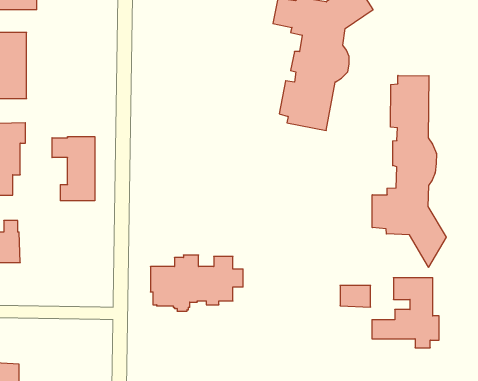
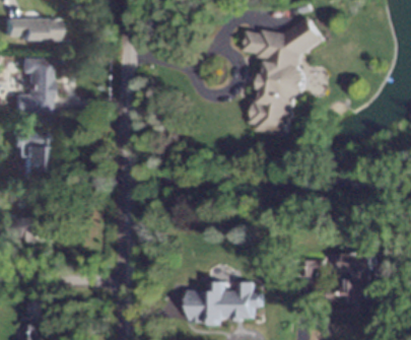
building: [372,75,446,267] -> none
building: [52,137,95,201] -> none
building: [150,255,243,311] -> [187,280,261,325]

